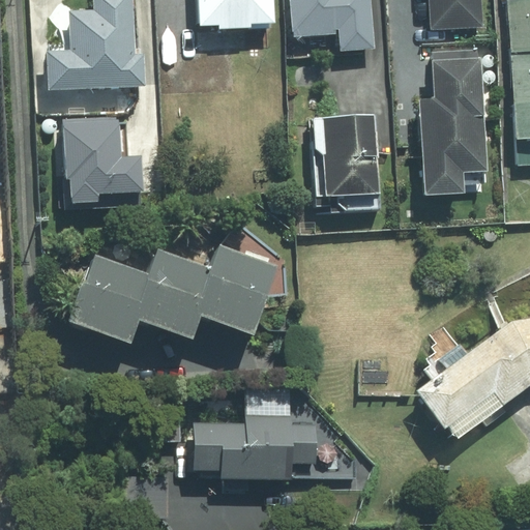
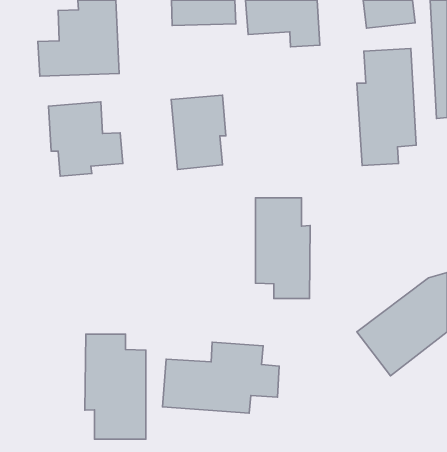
building: [319,111,383,198] -> [171,95,226,169]
building: none -> [255,198,310,299]
building: [75,244,282,340] -> none
building: none -> [85,334,146,439]

